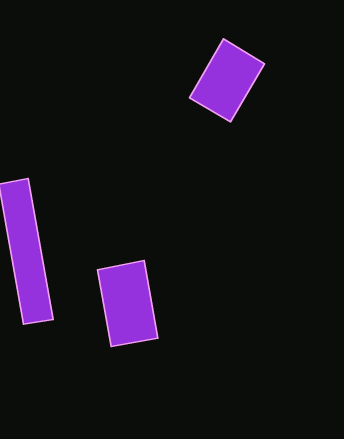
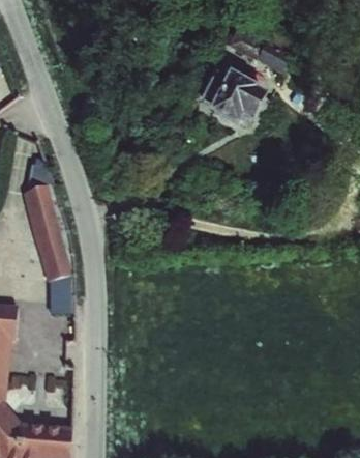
building: [97,260,158,346] -> none

